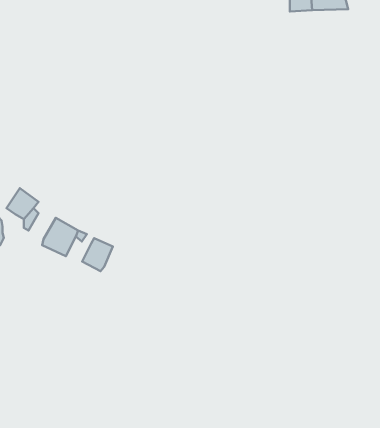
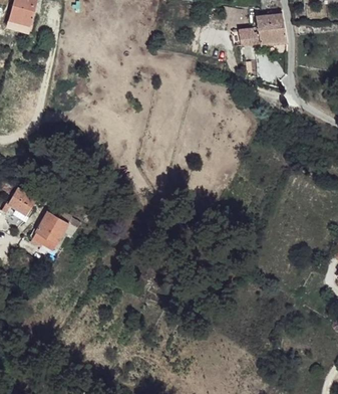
building: [82,238,113,271] -> none

